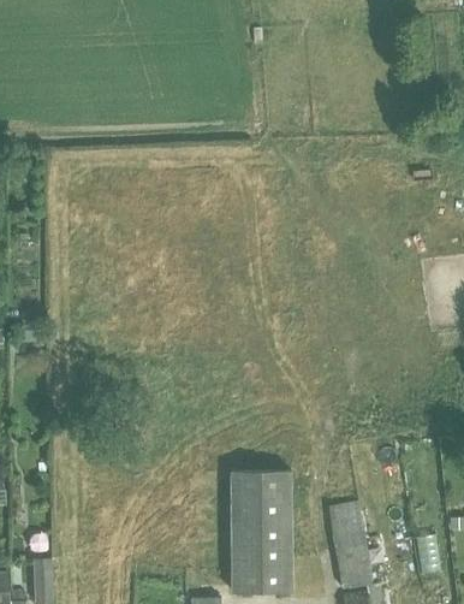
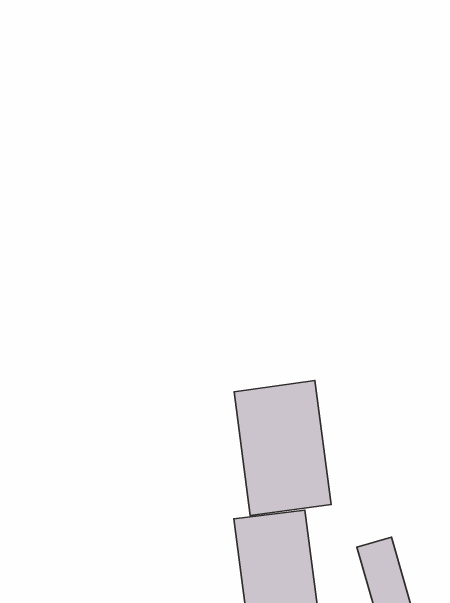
building: none -> [234,381,331,515]

